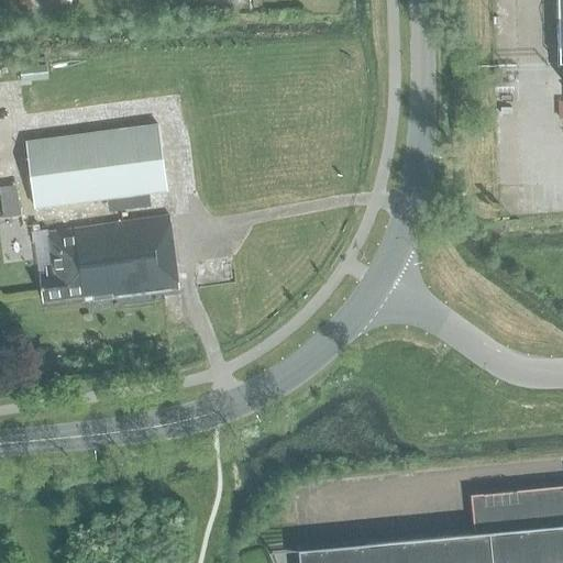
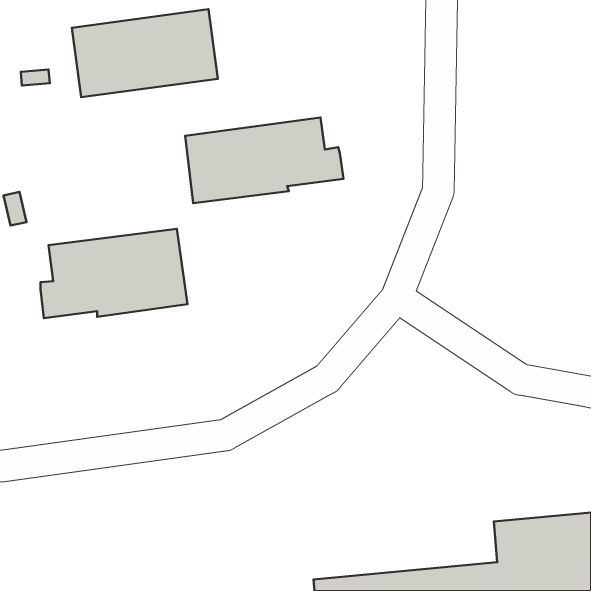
building: none -> [185,118,343,203]
building: [26,125,165,209] -> [72,9,218,97]

